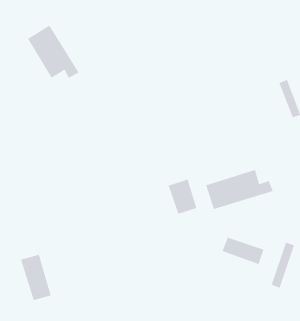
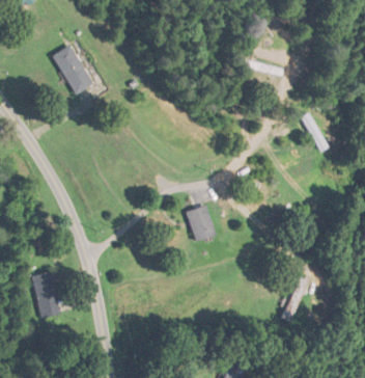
building: [206,169,274,210] -> none
building: [222,237,264,265] -> none

